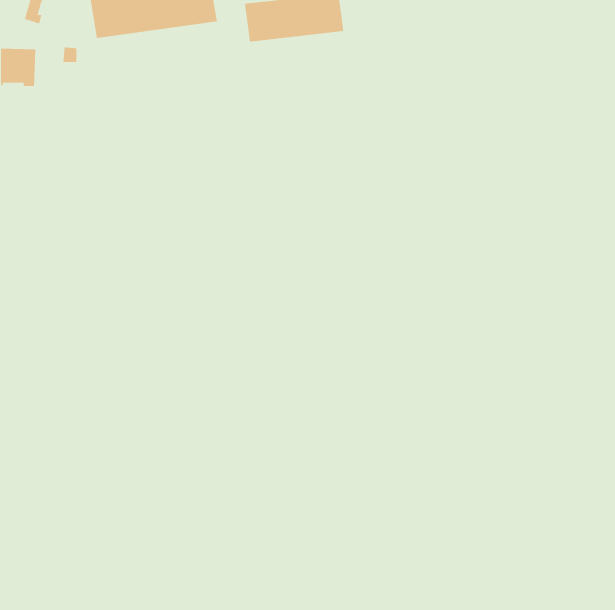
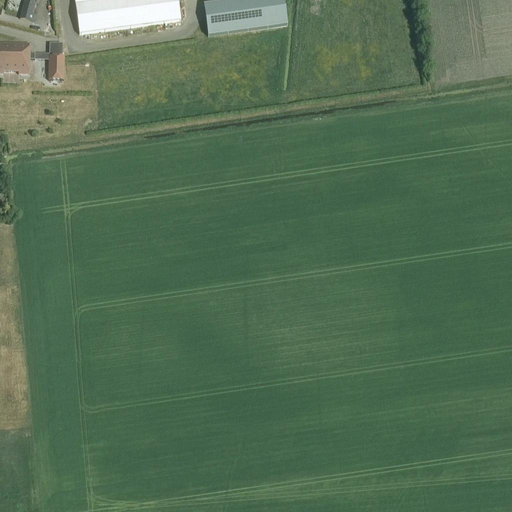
building: none -> [48,54,64,78]

